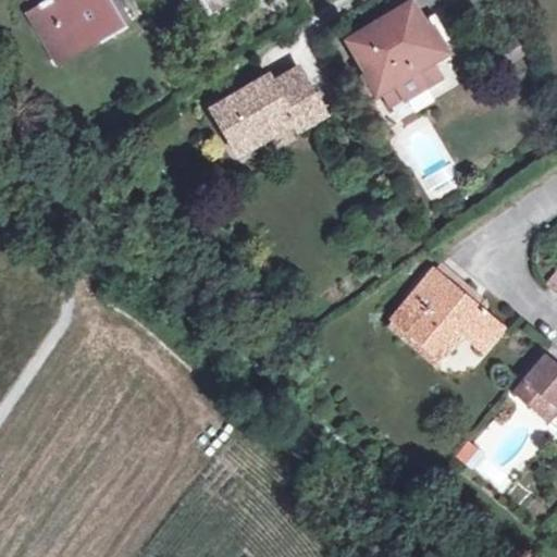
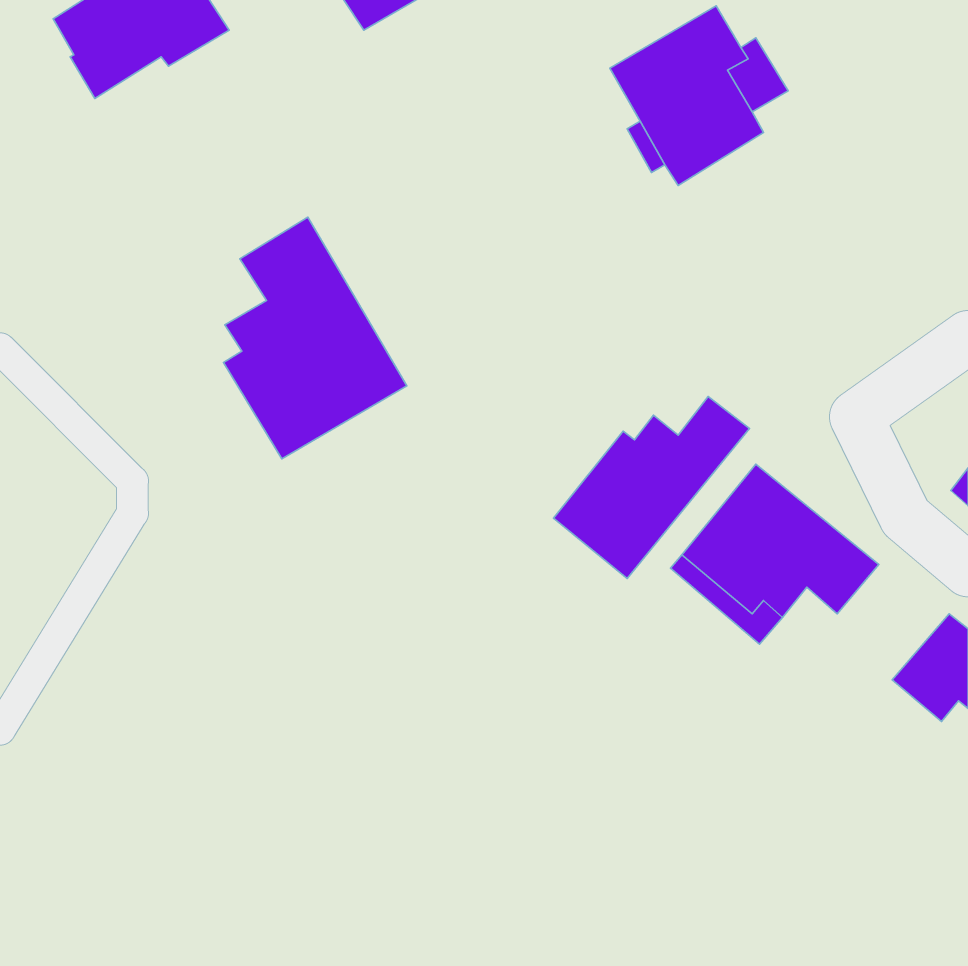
building: [215,66,324,148] -> none
building: none -> [224,217,407,459]
building: none -> [554,396,750,579]

